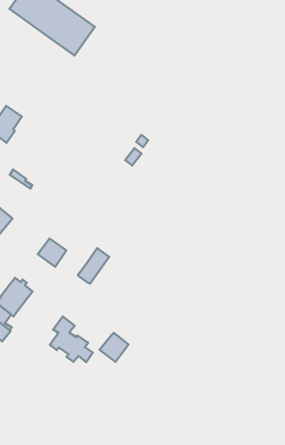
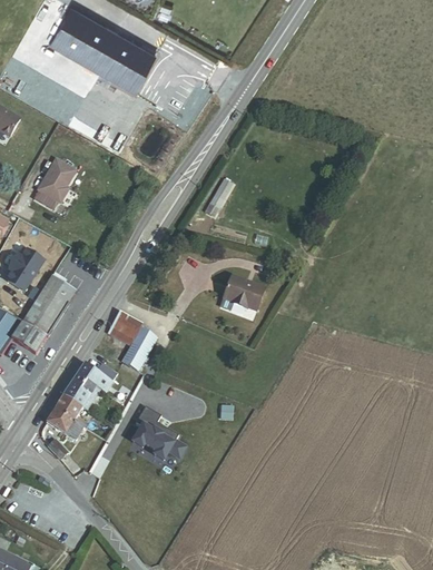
building: none -> [222,276,264,309]
building: [78,248,109,284] -> [121,328,157,372]
building: [100,333,129,362] -> none

